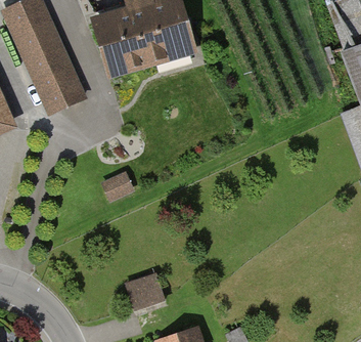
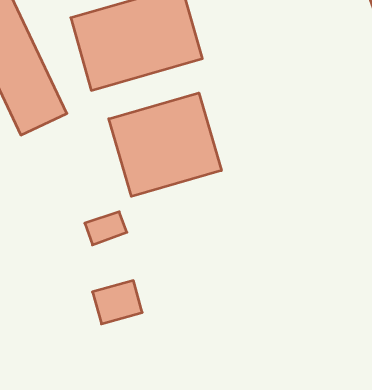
building: none -> [109,93,221,196]
building: [129,274,169,309] -> [92,281,142,324]

